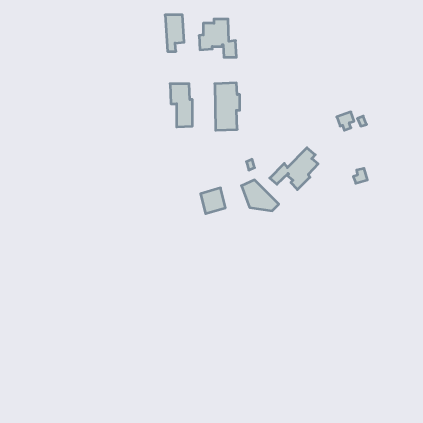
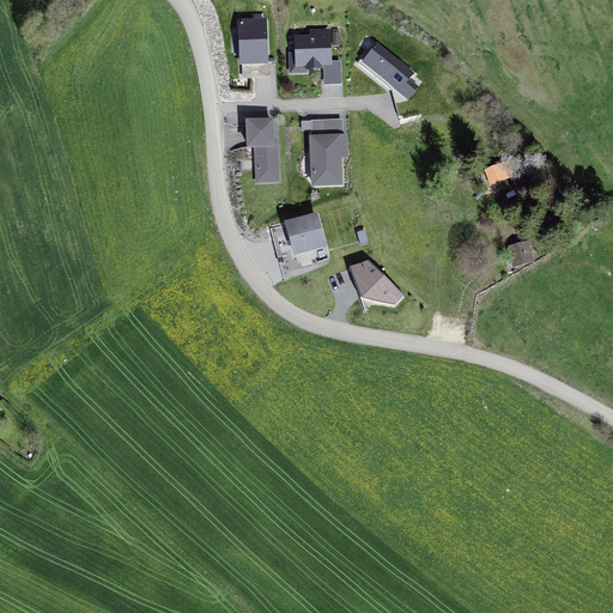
building: none -> [360,41,418,98]
building: [270,148,318,190] -> none
building: [201,188,225,214] -> [286,216,322,253]

